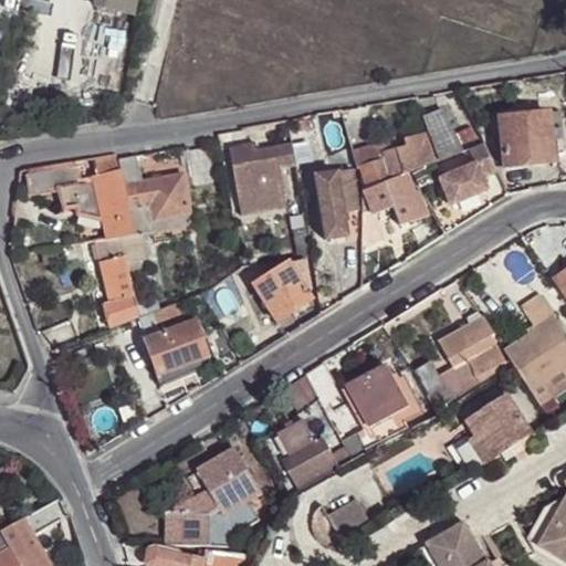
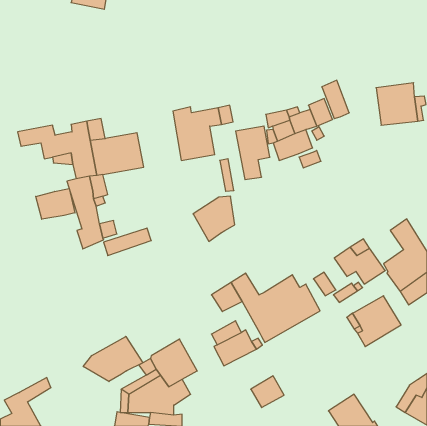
building: [437,143,495,206] -> none
building: none -> [36,189,75,219]
building: [143,318,213,377] -> none
building: none -> [83,336,143,382]

